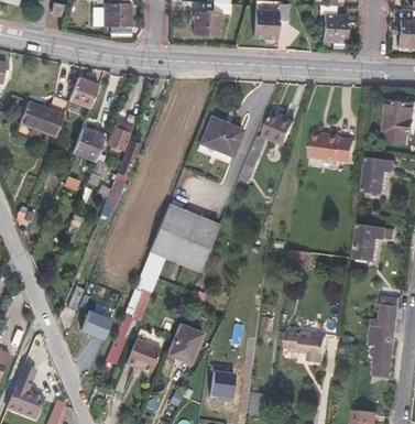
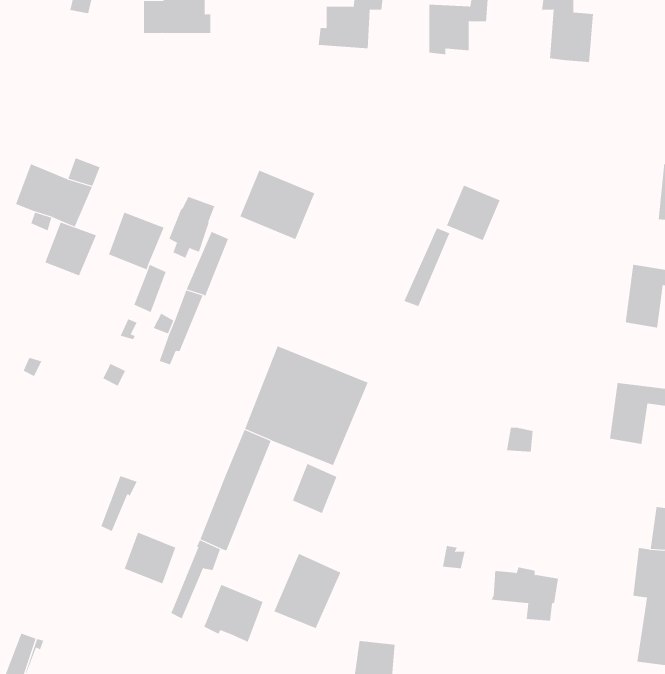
building: [69,77,99,108] -> [45,222,97,276]
building: [200,117,243,156] -> [239,170,315,240]
building: [313,138,357,163] -> none
building: none -> [292,463,337,514]

